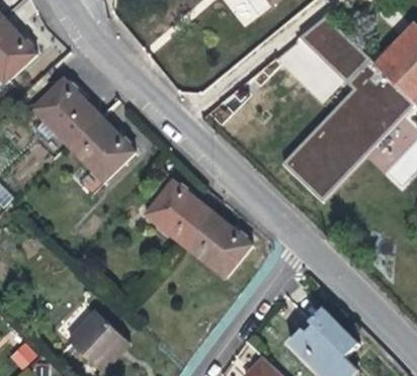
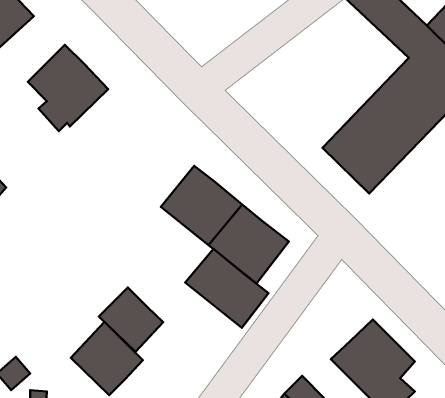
building: [68,114,136,182] -> none
building: none -> [185,249,268,328]
building: none -> [99,288,163,352]

